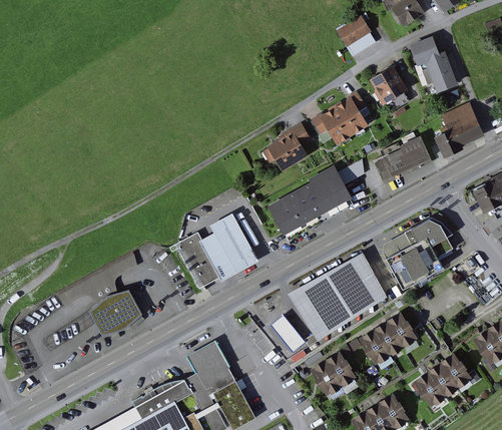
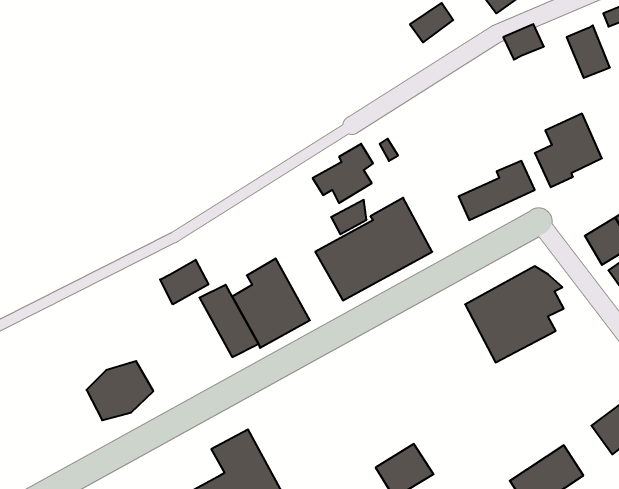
building: [422,48,455,88] -> [567,25,610,78]
building: [372,67,409,104] -> none
building: [321,98,367,142] -> none
building: [336,158,363,184] -> [331,200,367,234]
building: none -> [160,260,208,304]
building: [286,254,384,341] -> none
building: [269,315,304,353] -> none
building: [359,315,415,364] -> none

